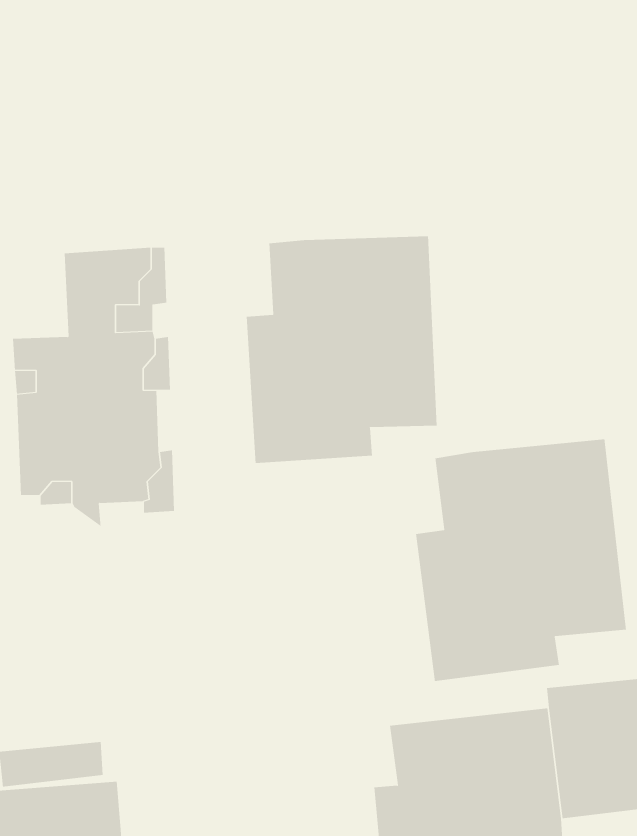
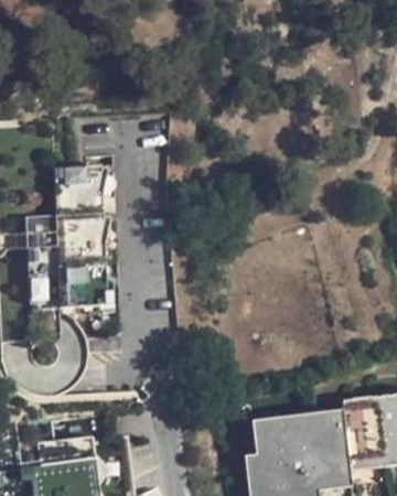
building: [246,235,437,464] -> none
building: [416,438,627,682] -> none

